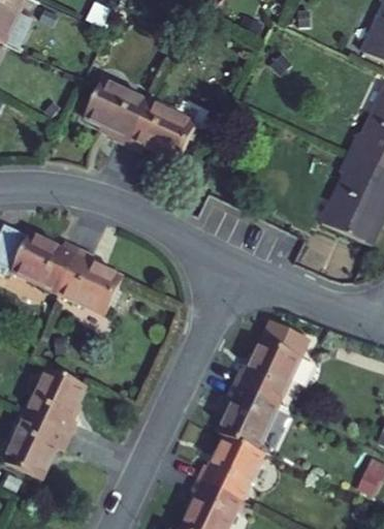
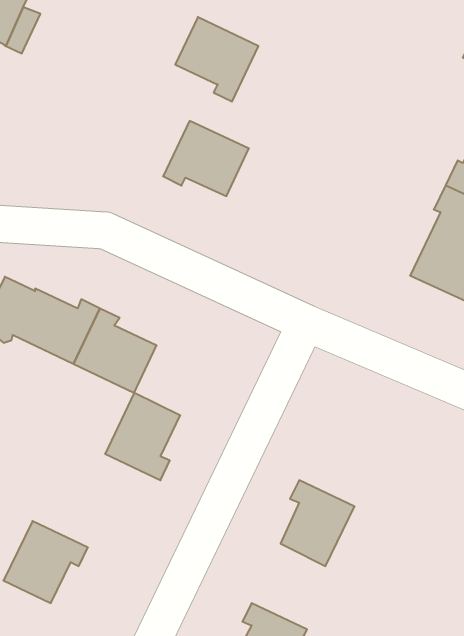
building: [84,77,149,144] -> [175,17,258,102]
building: [234,319,309,402] -> none
building: [26,366,85,434] -> [105,393,180,480]
building: [197,434,262,498] -> none

